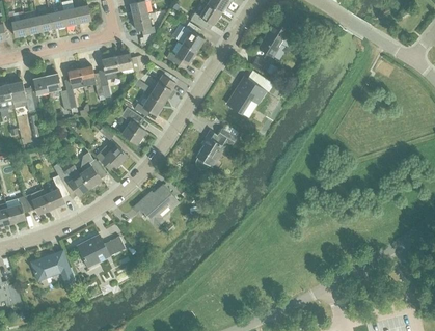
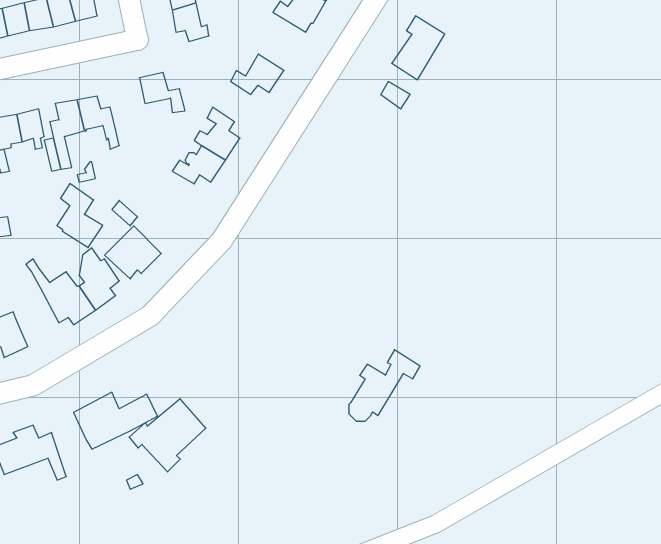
building: [175,22,203,52] -> none
building: [98,56,119,85] -> none
building: [226,78,265,113] -> none
building: [118,107,144,143] -> [57,184,103,248]
building: [195,129,236,169] -> [349,350,420,421]
building: [45,175,69,209] -> none
building: [134,186,178,227] -> [129,399,206,472]

